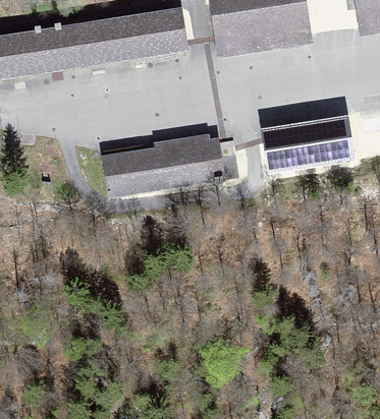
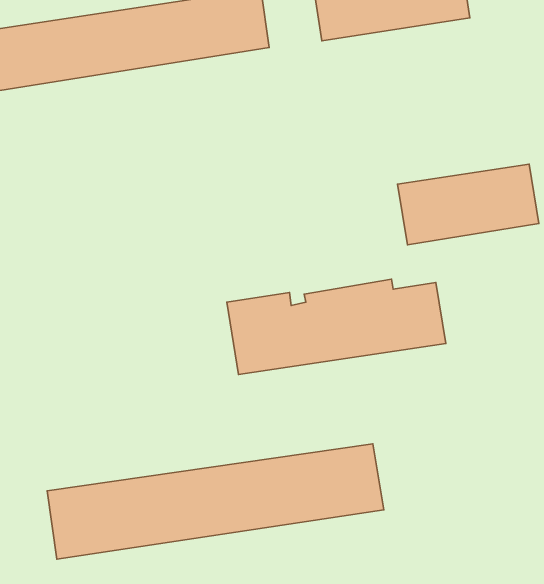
building: [103,136,238,195] -> [227,279,446,375]
building: none -> [47,444,384,559]

